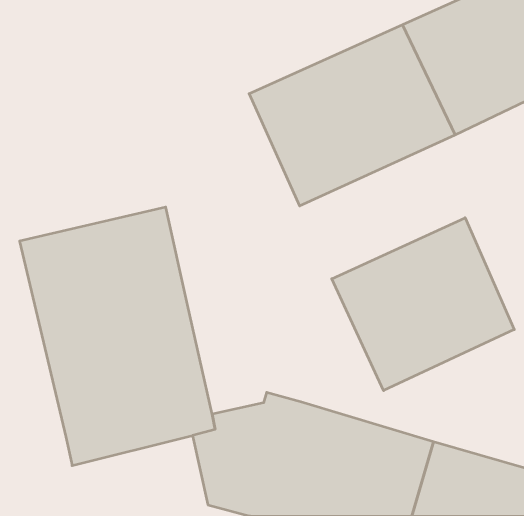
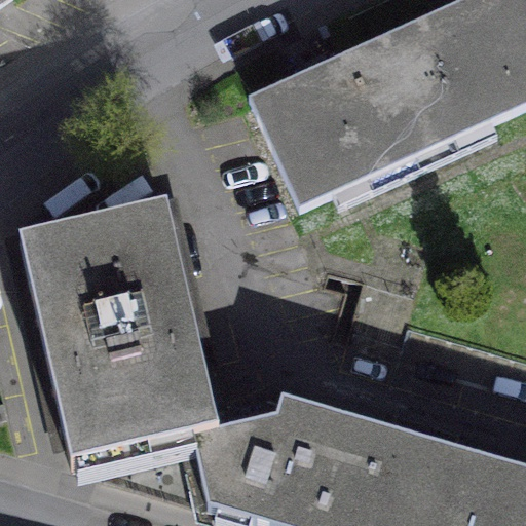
building: [332,218,514,391] -> none

